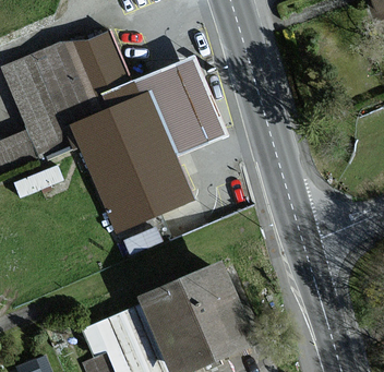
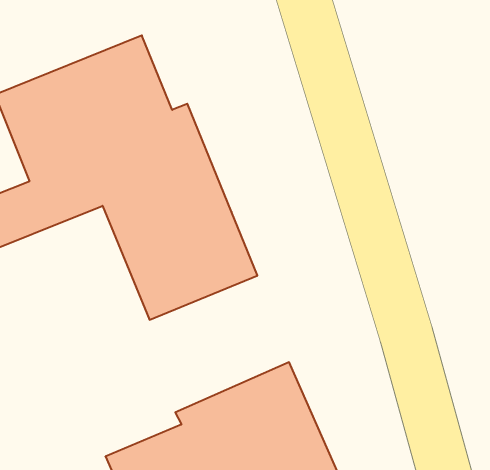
building: [143,56,223,153] -> none

